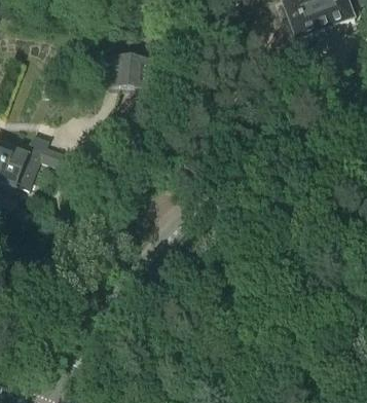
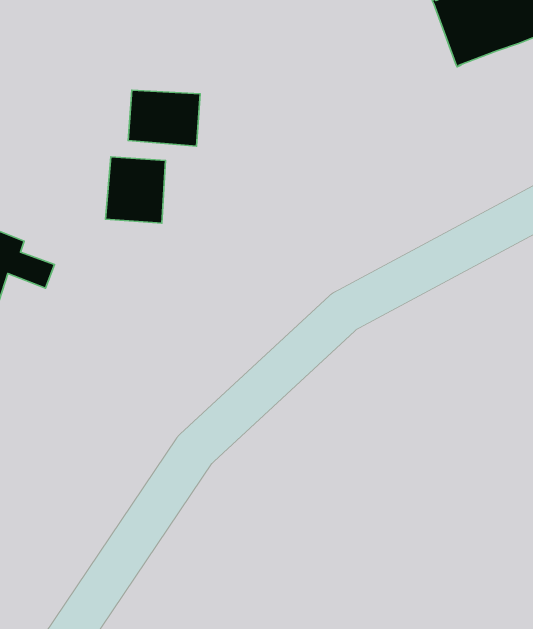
building: none -> [105,157,165,223]

